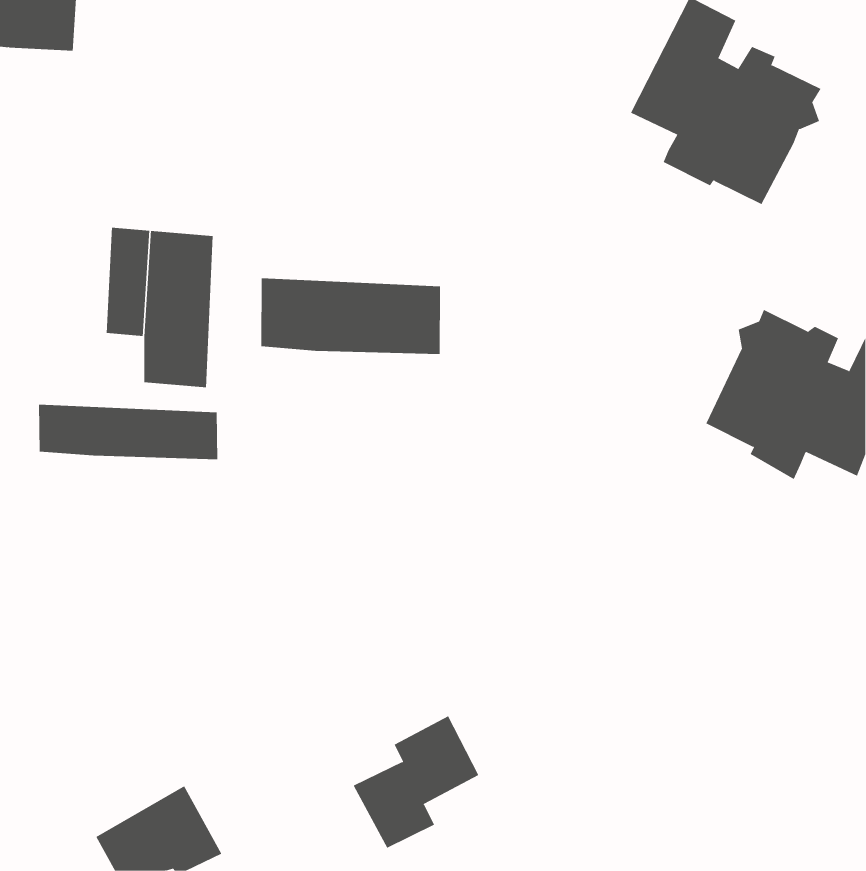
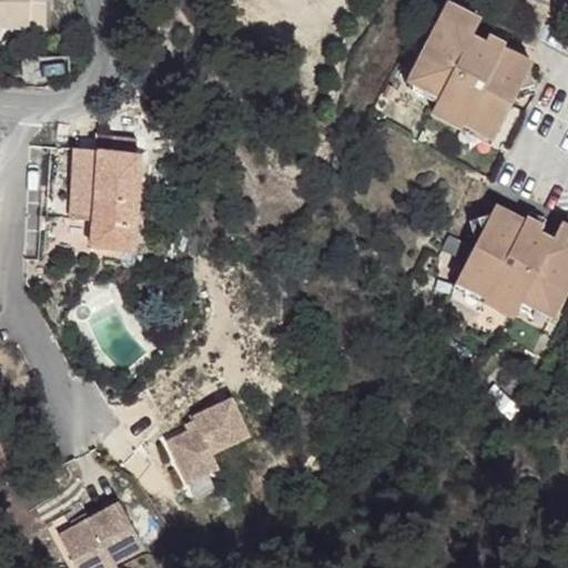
building: [261,278,441,355] -> none
building: [39,404,218,460] -> none
building: [353,715,479,849] -> [166,404,248,490]

